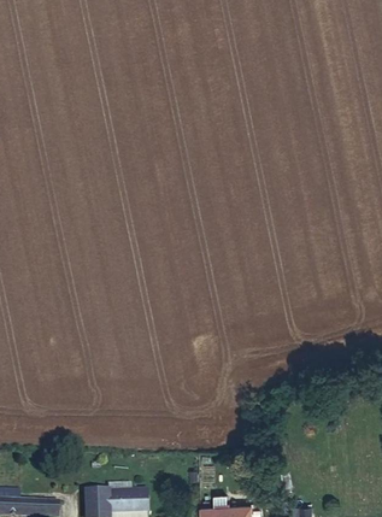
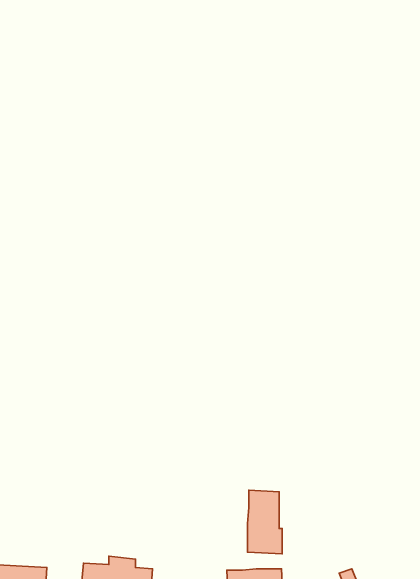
building: none -> [247,490,282,554]

